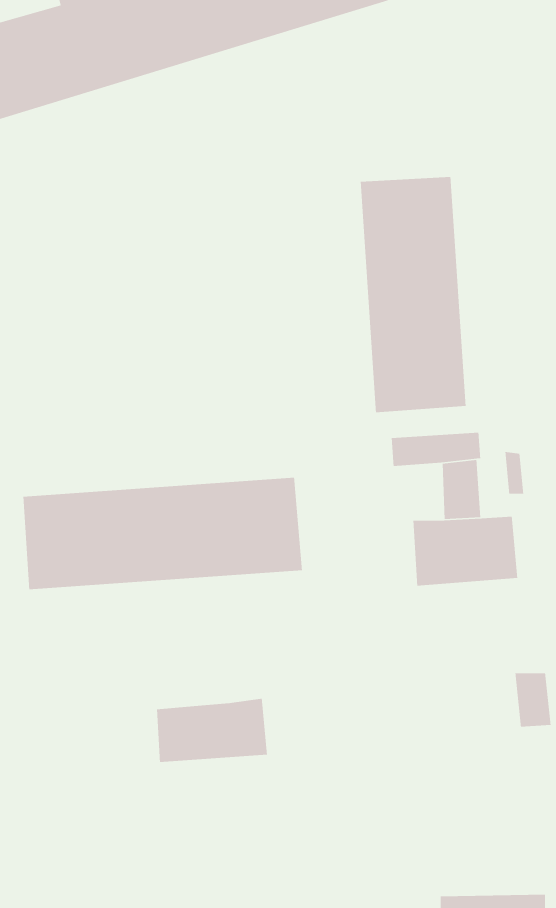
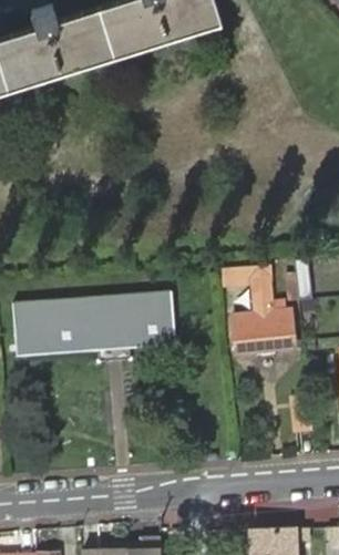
building: [360,176,467,413] -> none
building: [156,698,268,763] -> none

